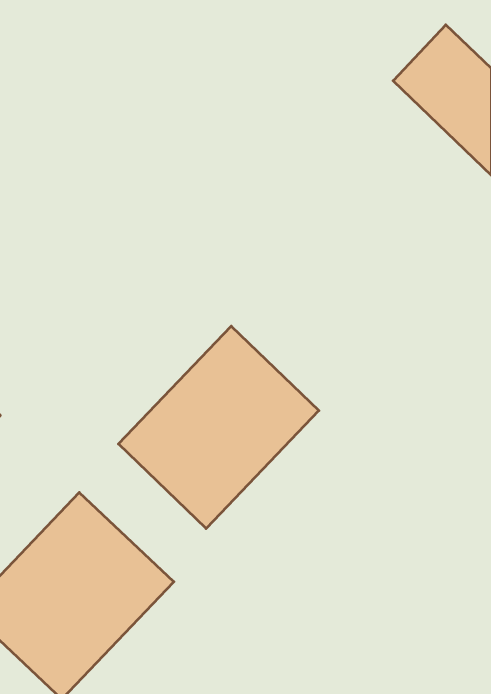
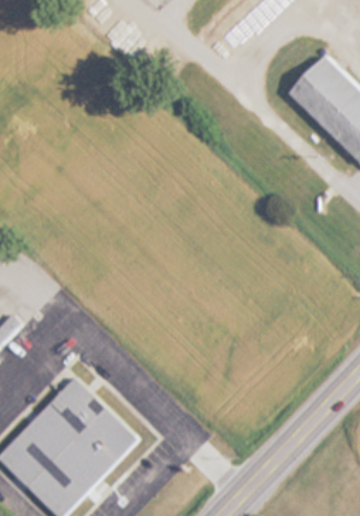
building: [118,326,319,529] -> none

